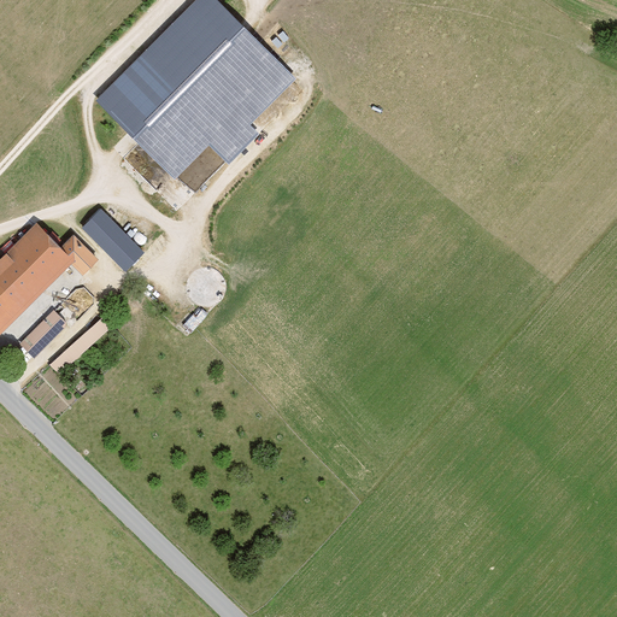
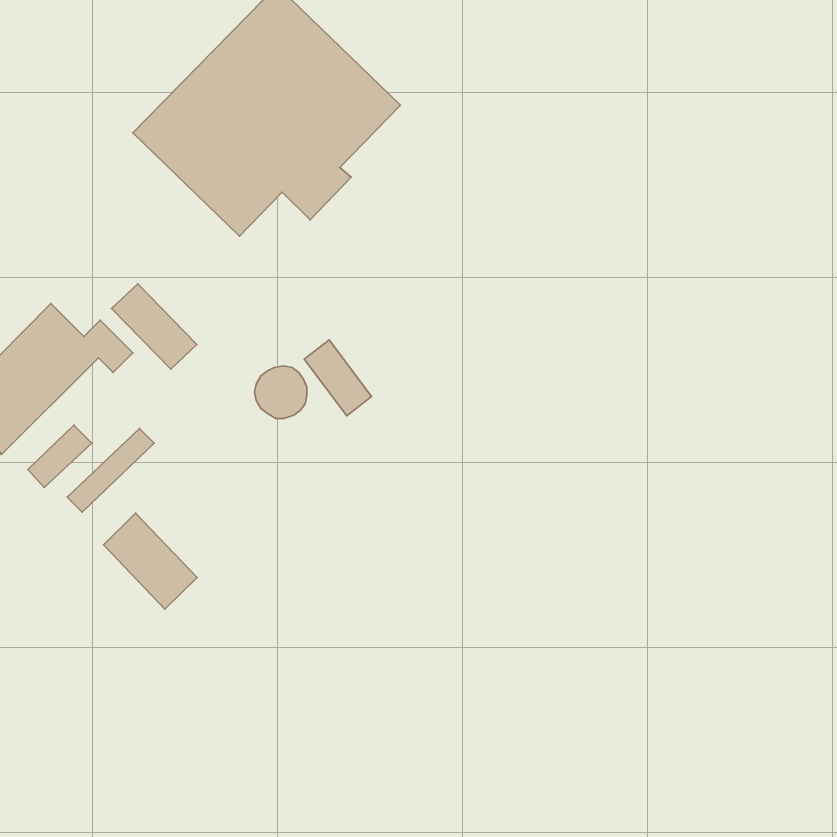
building: none -> [304,340,372,416]
building: none -> [103,513,197,609]

